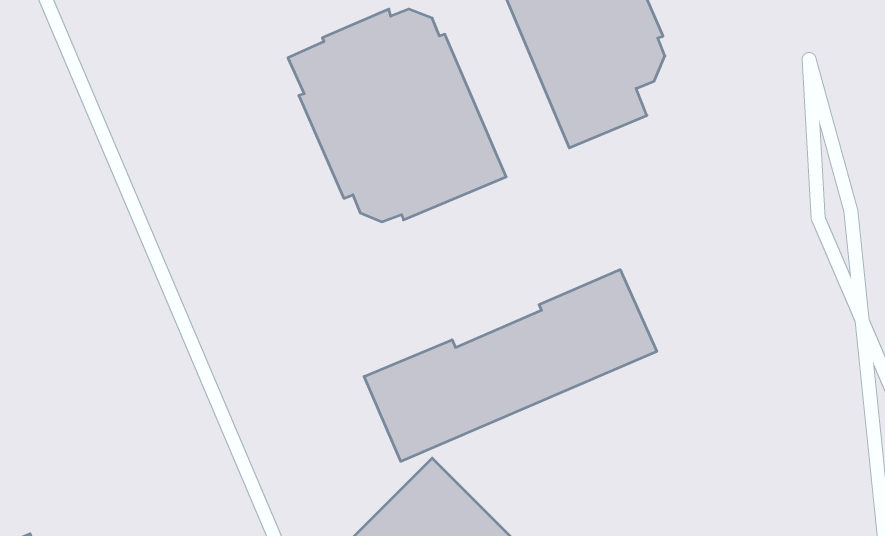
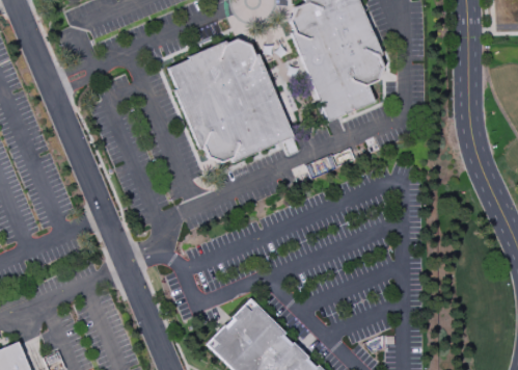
building: [364,270,657,461] -> none

